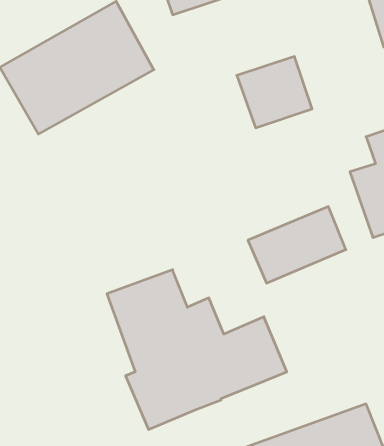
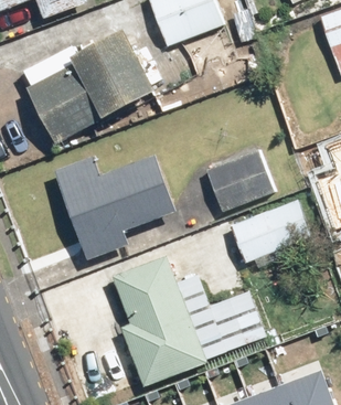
building: [237,57,312,128] -> [210,150,271,209]
building: none -> [55,156,175,258]

